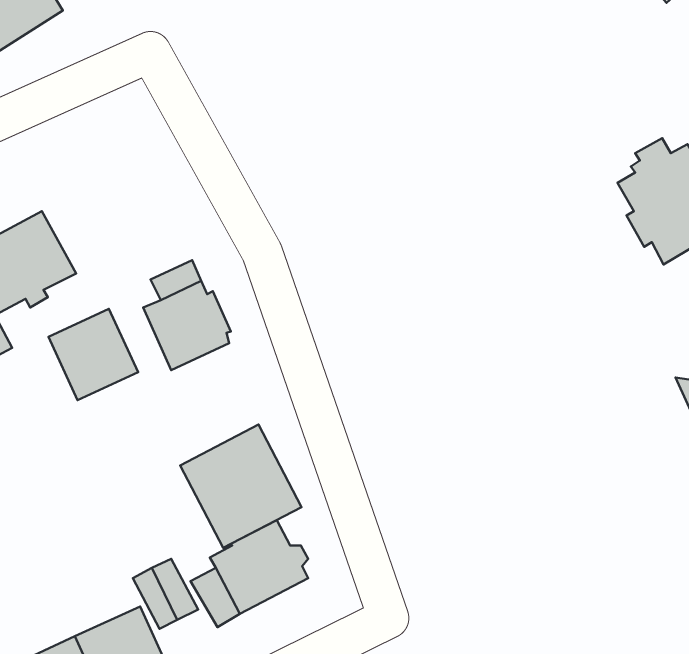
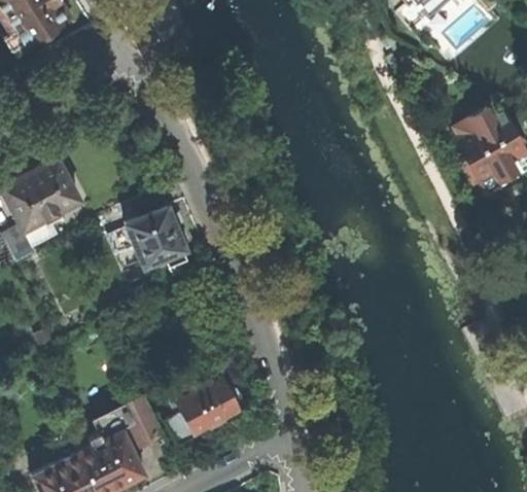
building: [48,309,138,400] -> none
building: [180,425,302,548] -> none

